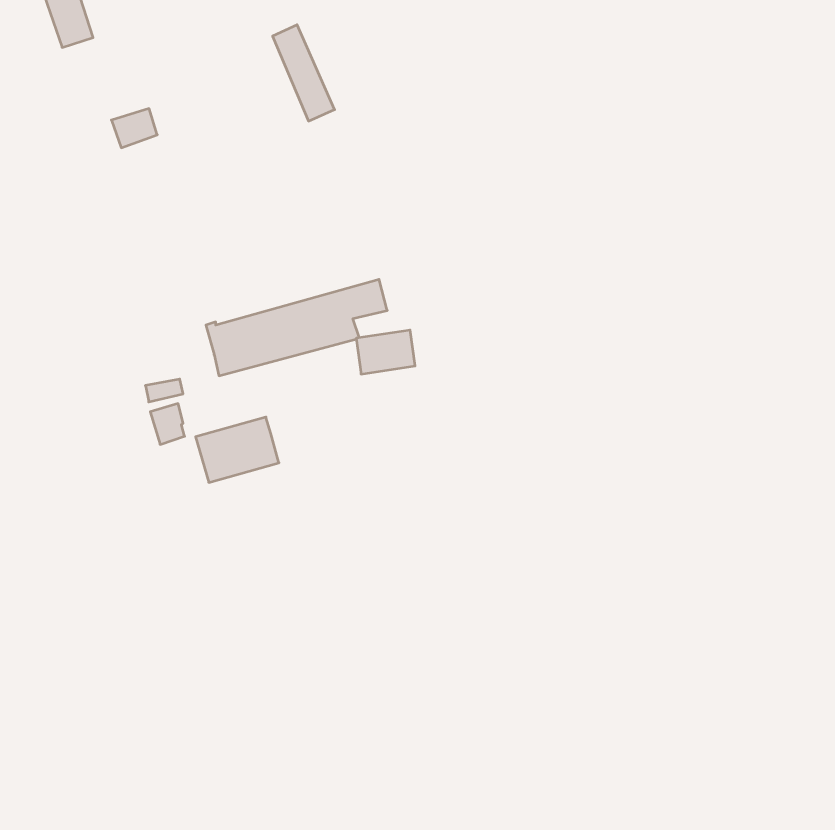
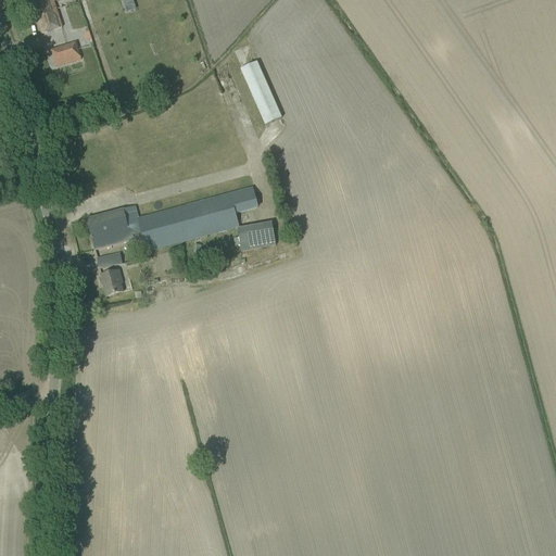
building: [273,25,335,121] -> [240,60,281,124]
building: [111,109,157,148] -> [50,39,80,65]
building: [196,417,279,482] -> [87,205,142,249]

